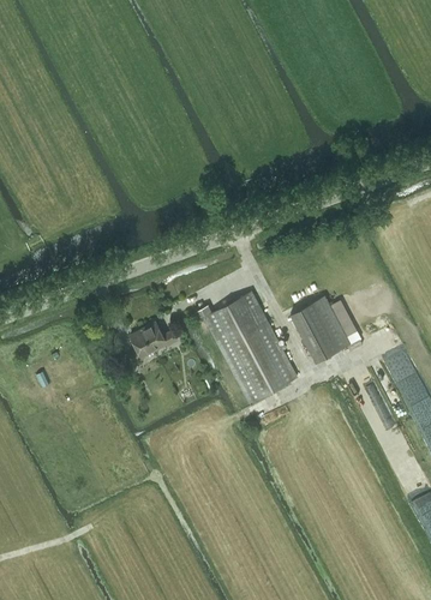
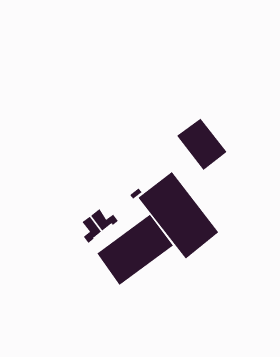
building: [291,298,349,362] -> [176,118,227,171]
building: none -> [97,214,174,286]

